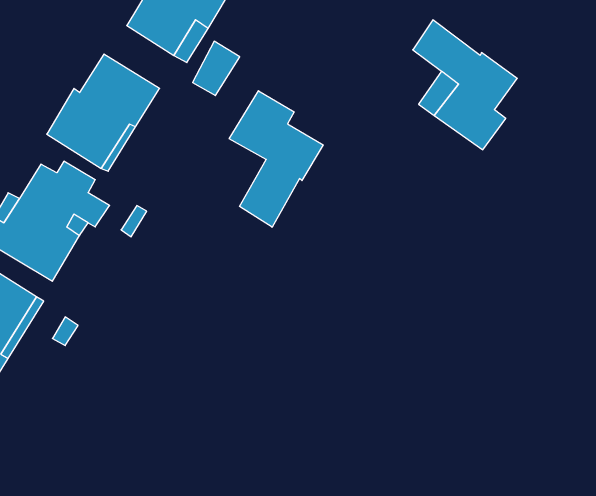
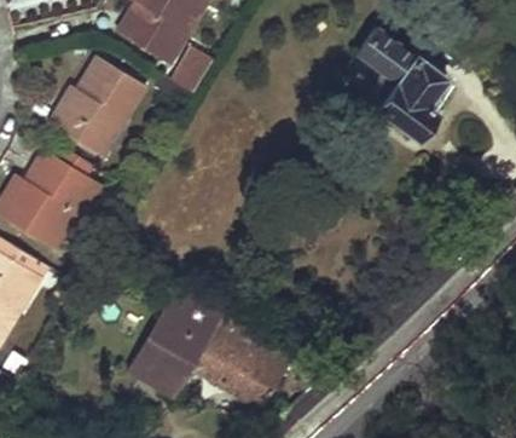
building: [229,91,323,227] -> none
building: none -> [138,293,291,408]

